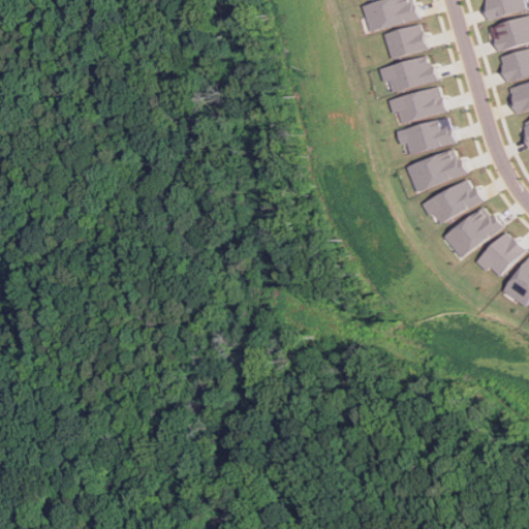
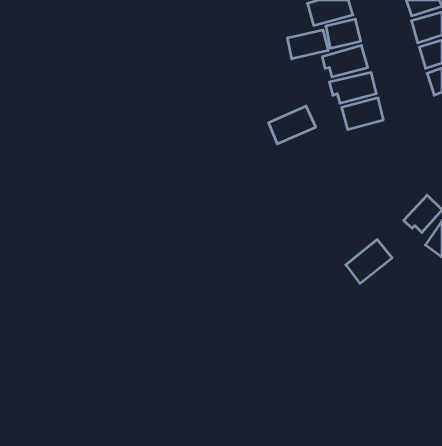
building: none -> [288,30,328,59]
building: [409,148,465,192] -> [269,106,316,144]
building: [425,179,483,223] -> none
building: [446,207,501,258] -> [346,240,392,283]

